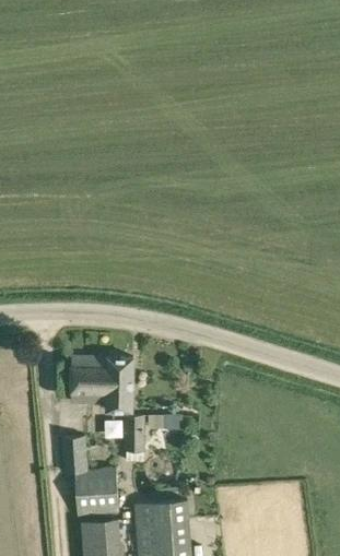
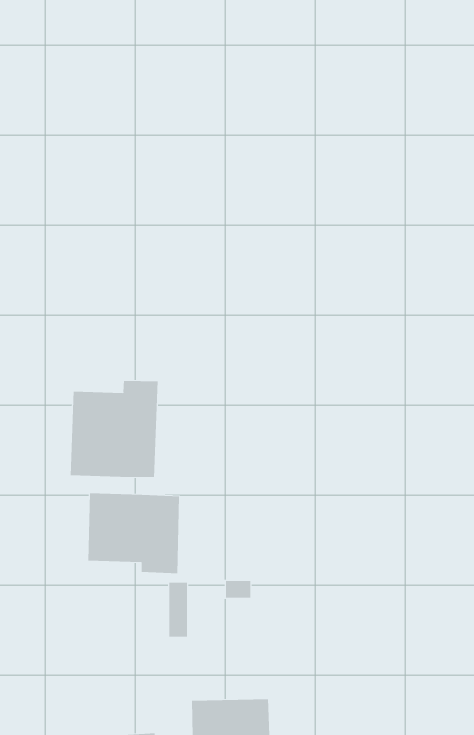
building: none -> [70,380,158,478]
building: [61,437,118,516] -> none

